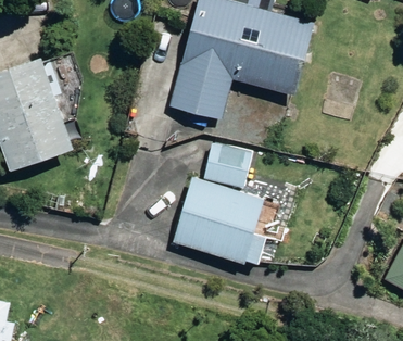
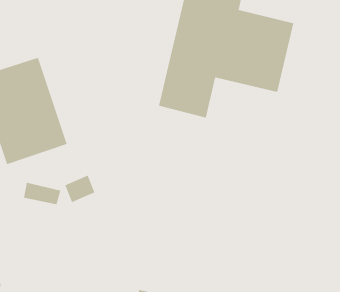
building: [173,146,267,267] -> none

